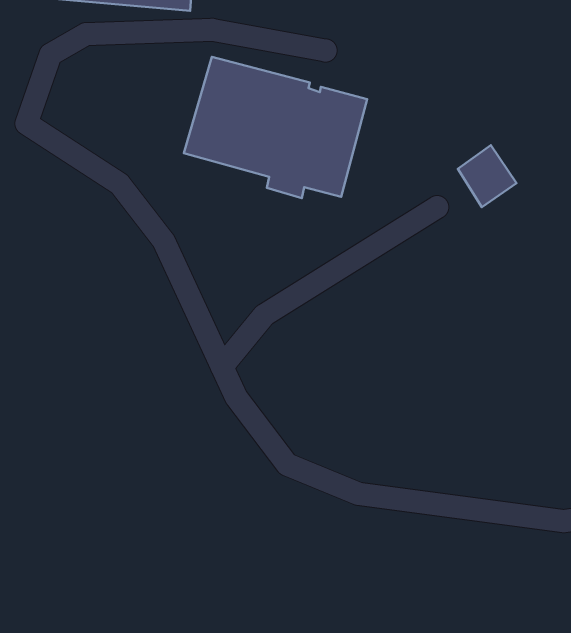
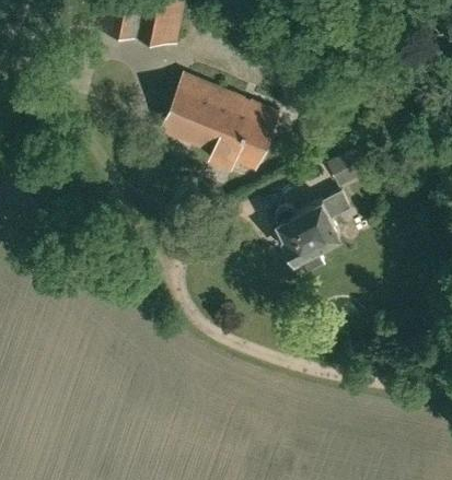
building: none -> [276,191,350,260]

